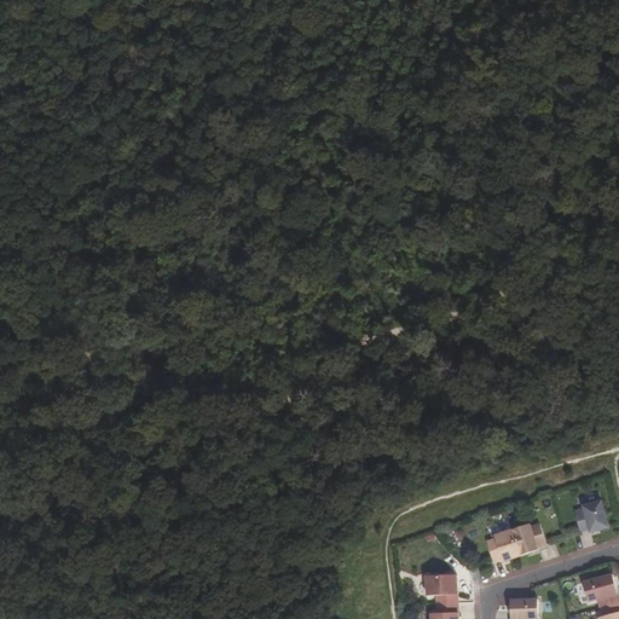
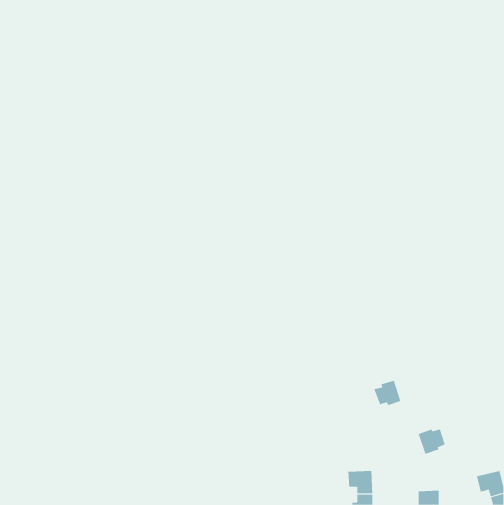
building: [574,499,607,531] -> none
building: [485,530,519,561] -> [374,380,401,406]

